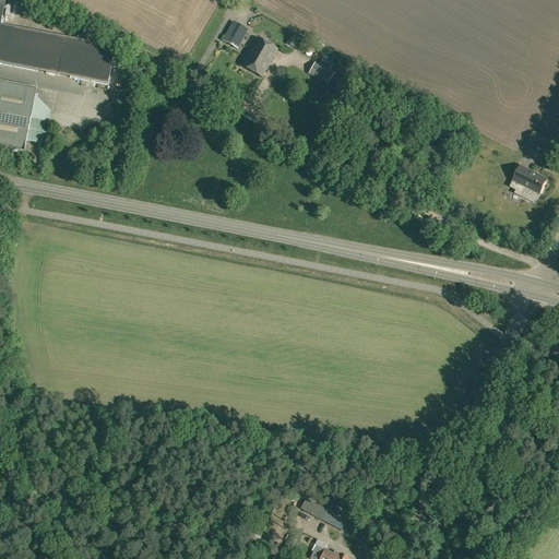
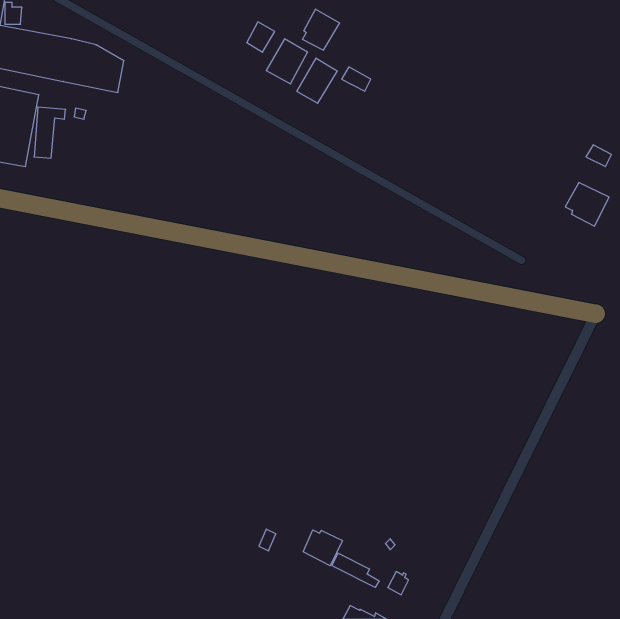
building: none -> [302,9,340,50]
building: none -> [297,58,337,103]
building: none -> [303,530,343,566]

